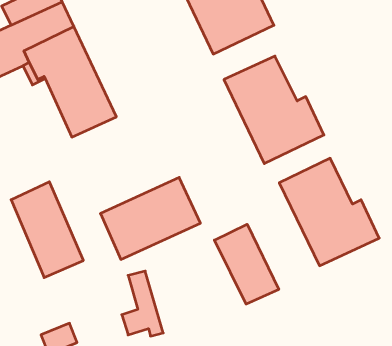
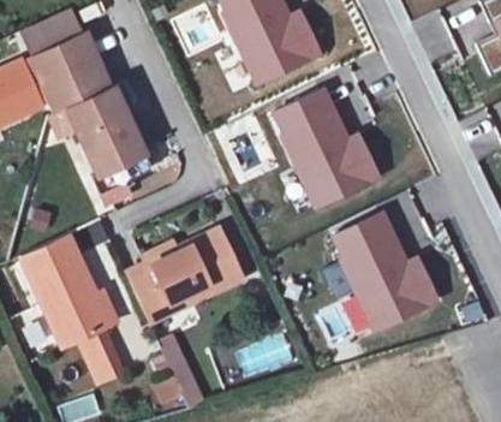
building: [214,224,279,304] -> none
building: none -> [76,323,123,380]

